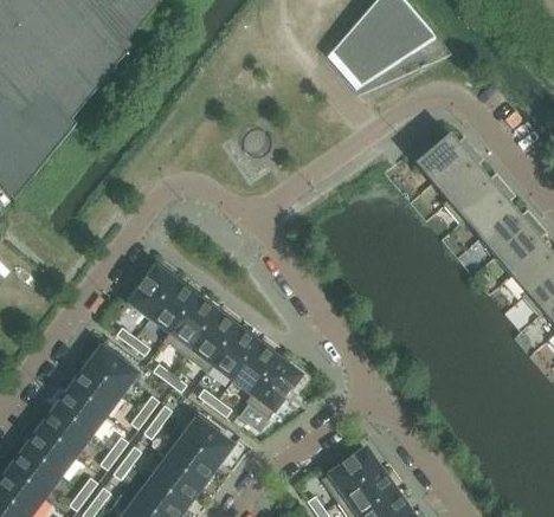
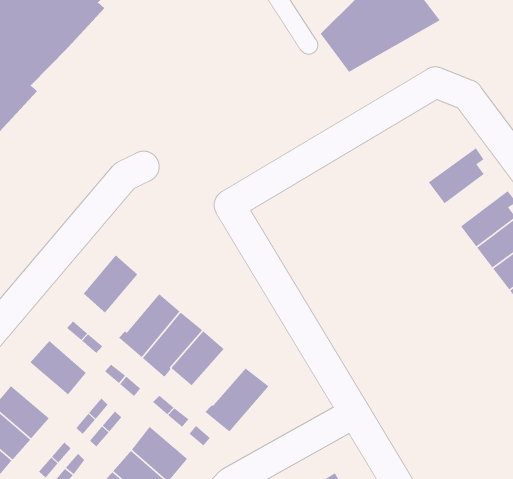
building: [408,134,474,182] -> none
building: [444,172,504,224] -> none
building: [150,282,198,334] -> none
building: [232,343,279,394] -> none
building: [70,367,122,415] -> none

